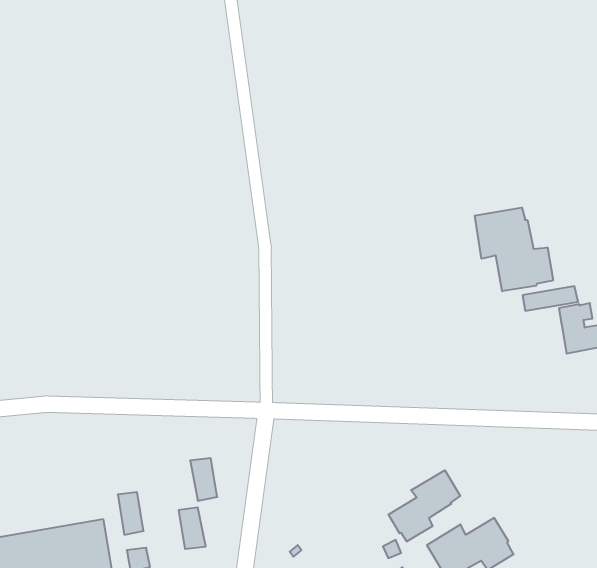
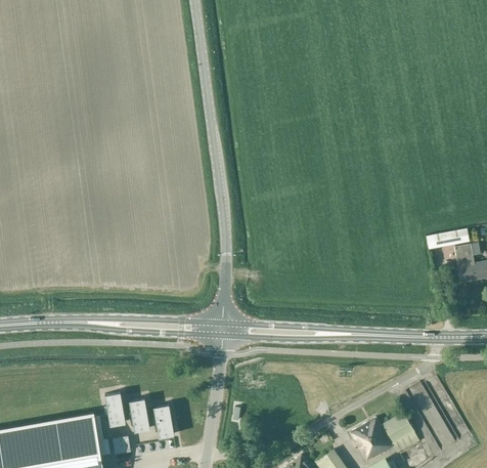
building: [475,208,553,291] -> none
building: [190,458,217,501] -> [129,399,150,433]
building: [388,470,460,542] -> none

